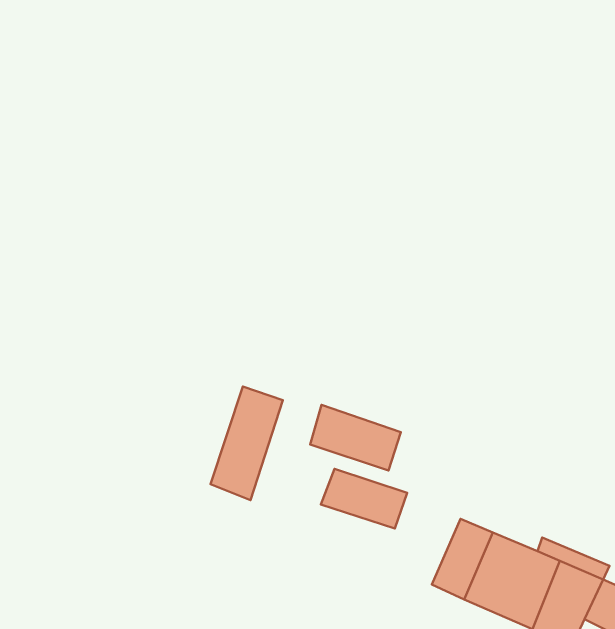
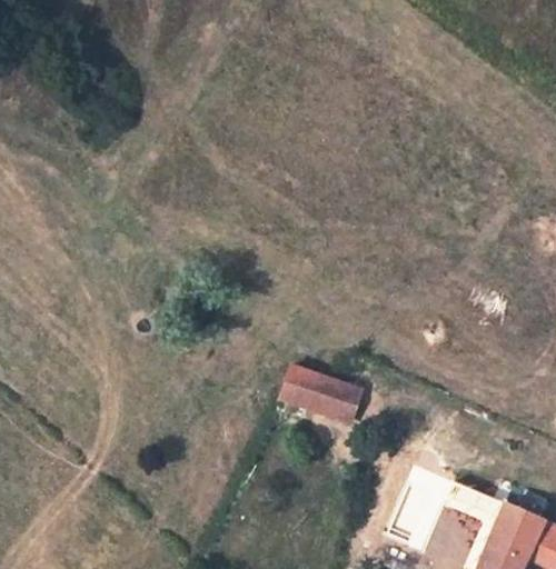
building: [210,386,283,500] -> none
building: [321,469,407,529] -> none

